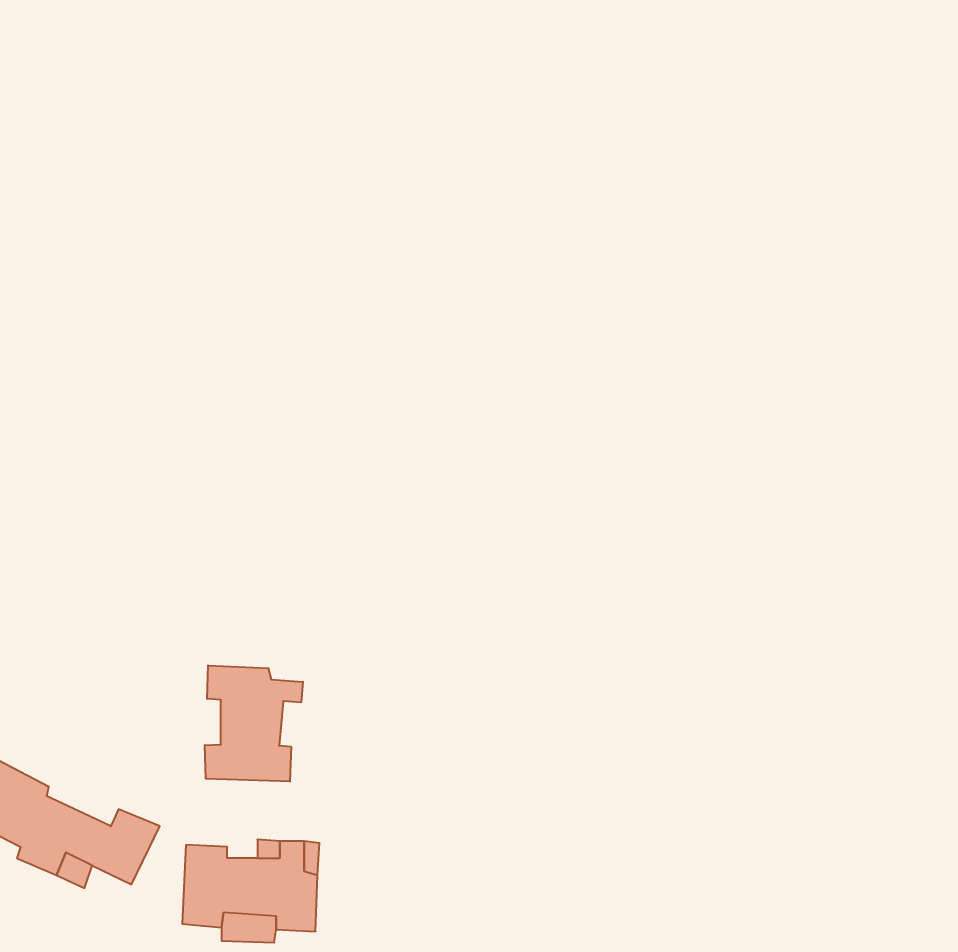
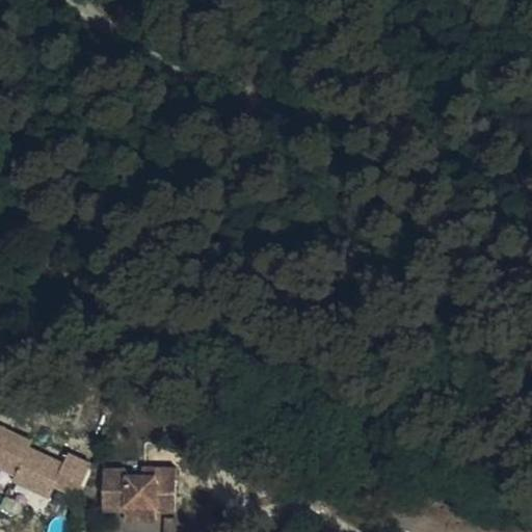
building: [205,665,303,782] -> none

